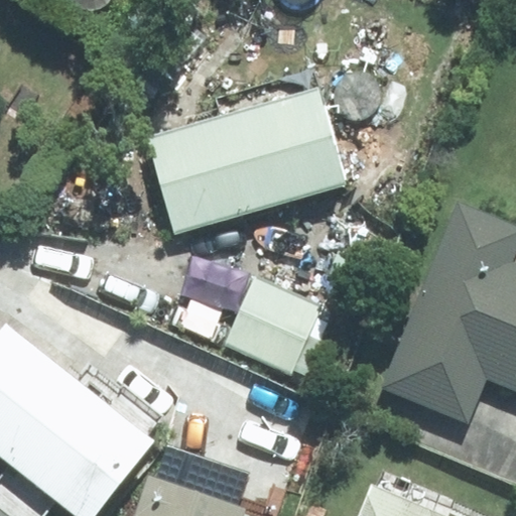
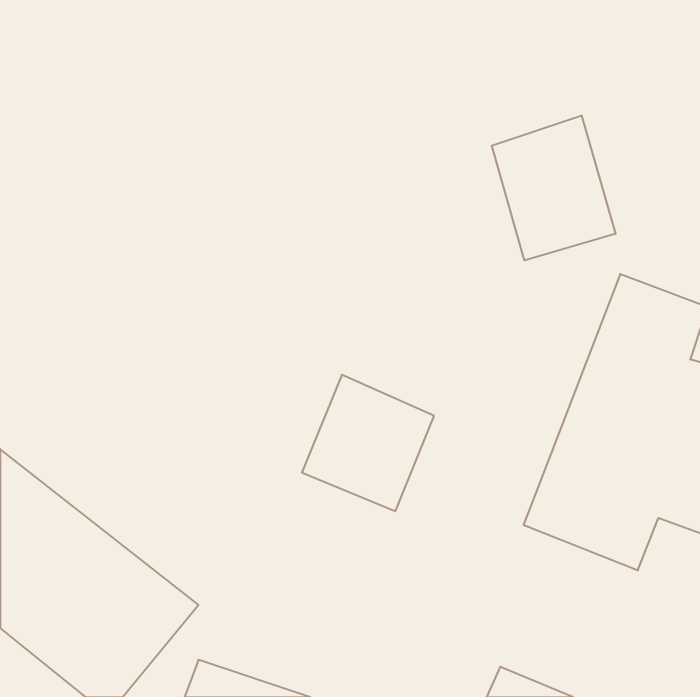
building: none -> [492,116,616,260]
building: [148,89,341,233] -> none

